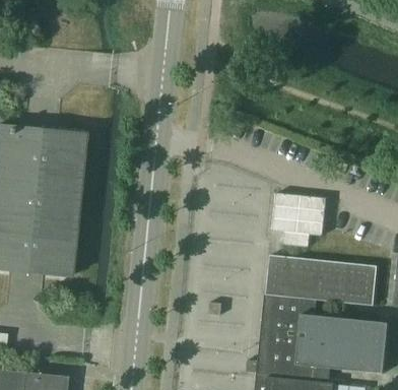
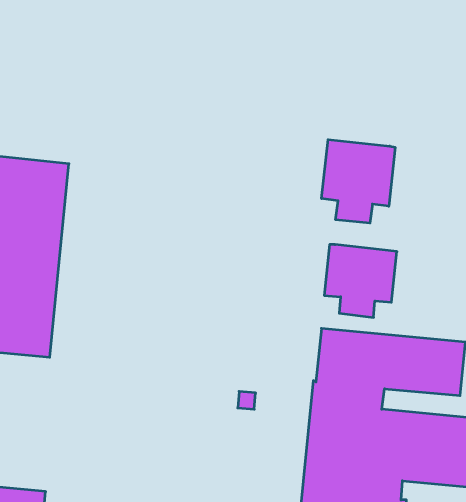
building: none -> [322,140,395,223]

